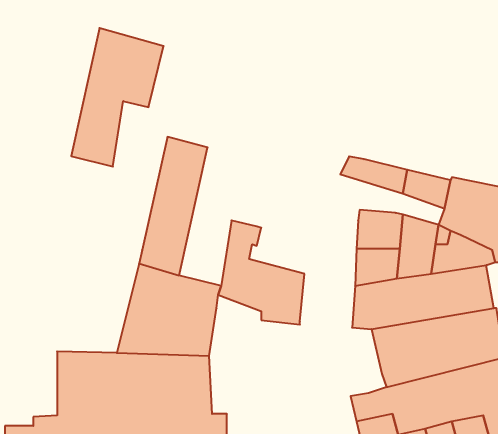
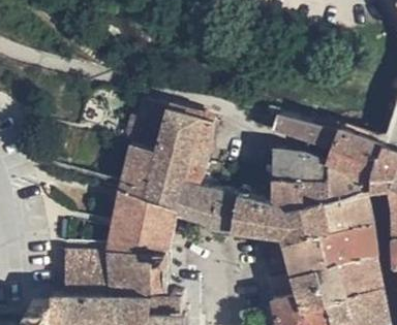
building: [71,28,164,167] -> [149,110,213,206]
building: none -> [233,198,271,235]

